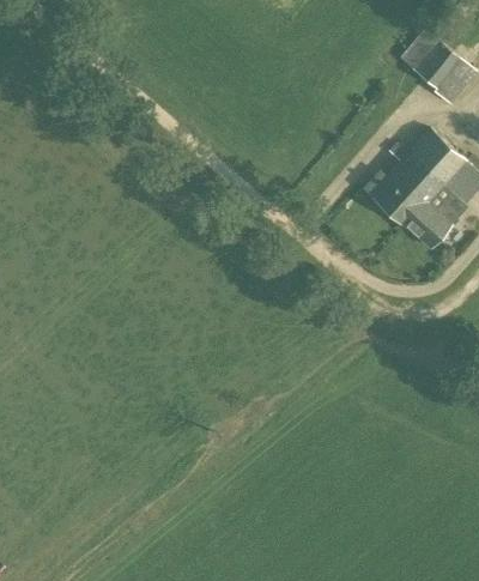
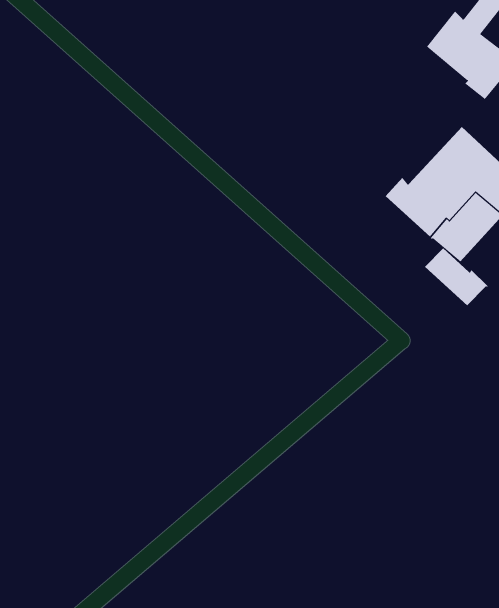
building: none -> [424,248,488,306]

